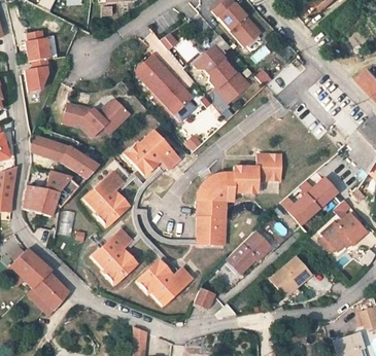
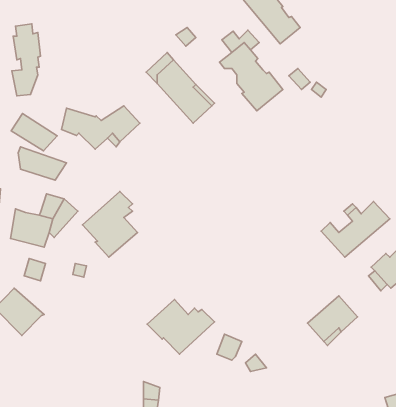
building: [126,128,180,173] -> none
building: [60,146,98,177] -> [11,114,57,151]
building: [199,154,282,245] -> none
building: [90,228,135,283] -> none
building: [226,233,270,273] -> none
building: [32,273,67,310] -> none

